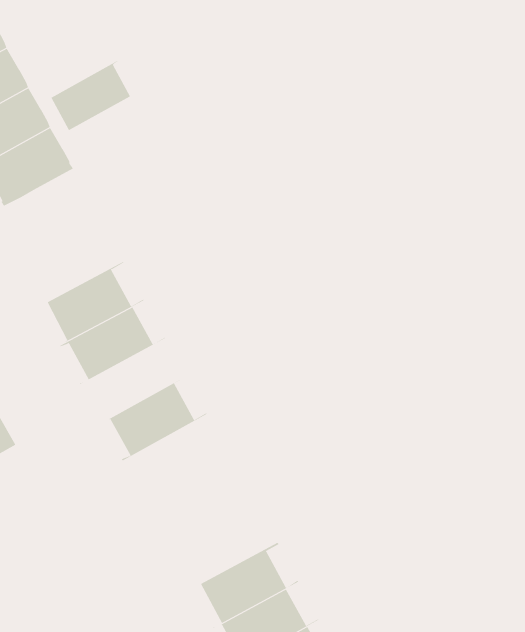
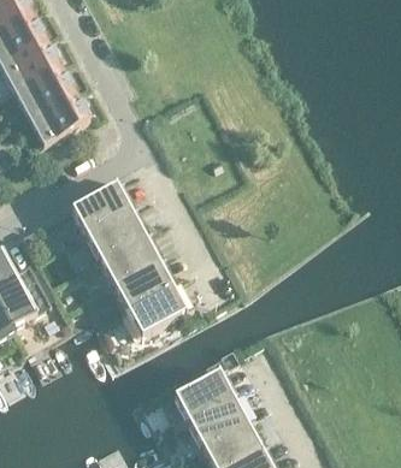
building: [39,59,140,137] -> none
building: none -> [93,230,164,286]
building: none -> [122,280,193,334]

